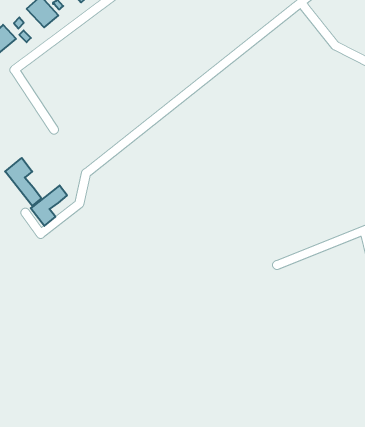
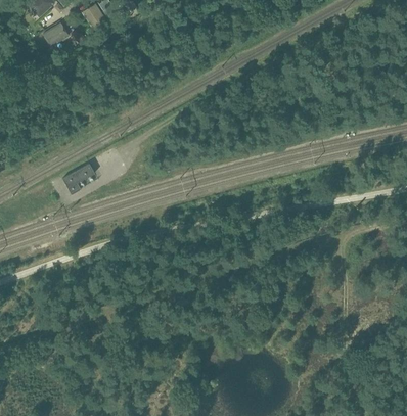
building: [5,158,42,206] -> none

